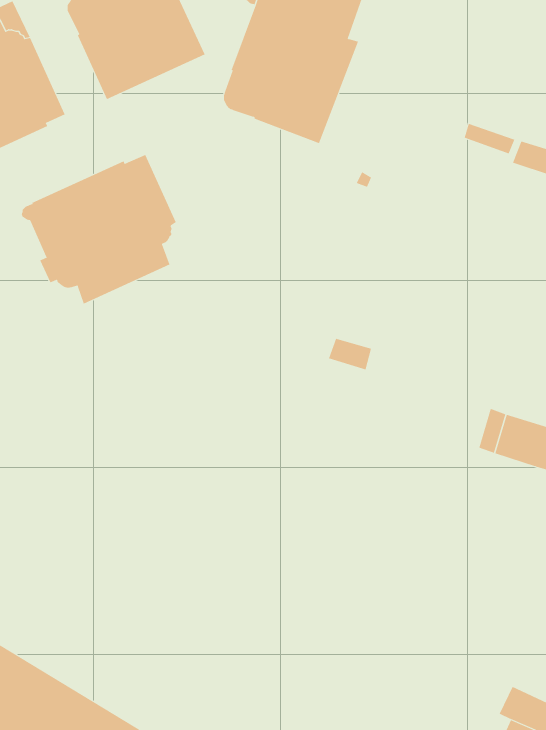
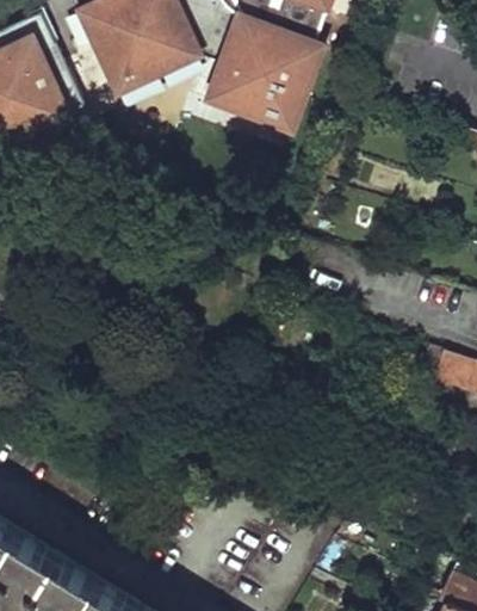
building: [21,154,177,304] -> none

